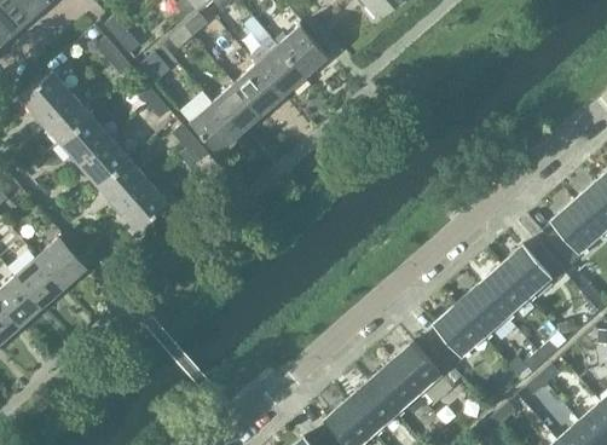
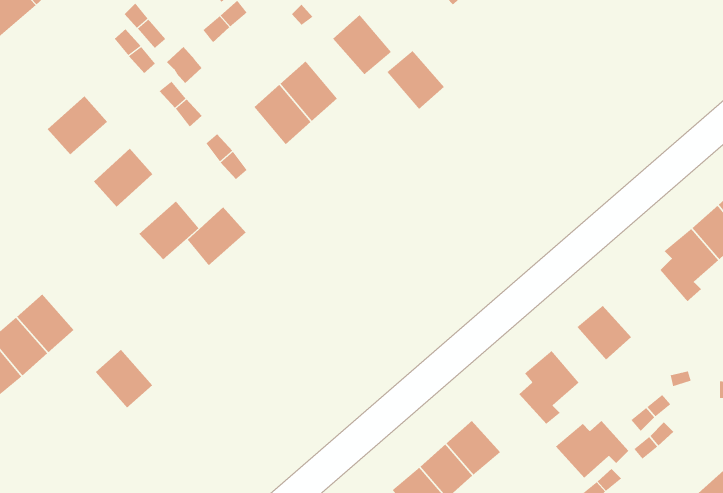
building: [255,46,304,96] -> [387,50,445,110]
building: [21,70,71,121] -> none
building: [189,103,238,154] -> none
building: [59,115,109,164] -> none
building: [98,158,148,208] -> [187,206,246,266]
building: [36,238,85,288] -> [95,349,153,408]
building: [502,244,563,294] -> none
building: [459,285,504,331] -> none
building: [393,341,455,389] -> [555,420,629,478]

